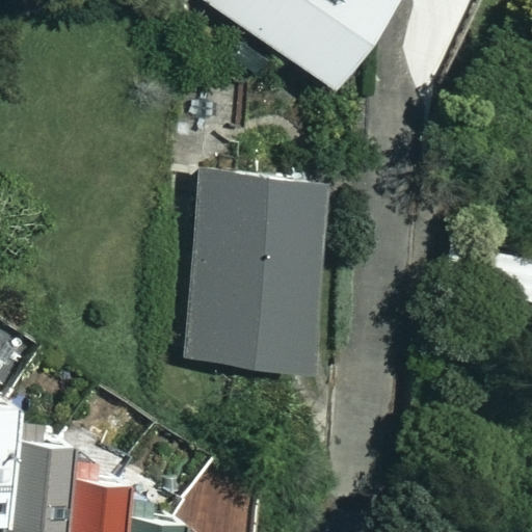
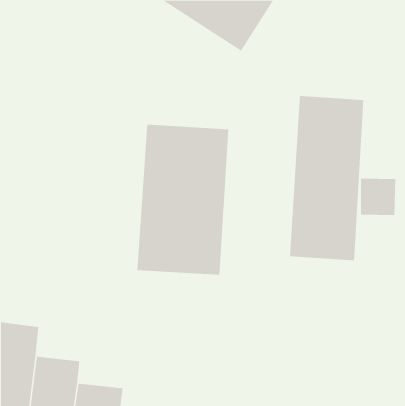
building: none -> [289,95,364,261]

